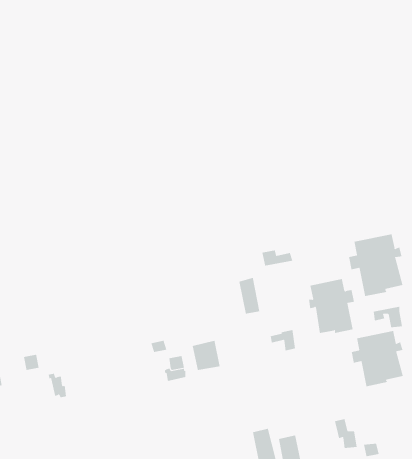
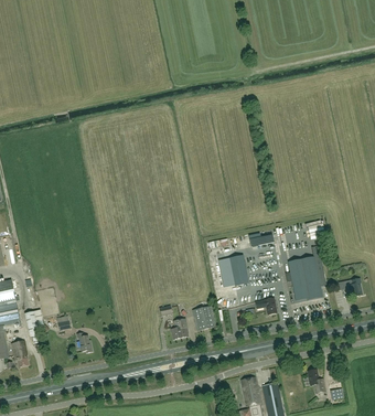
building: [349,233,403,297] -> none
building: [351,330,404,387] -> none

